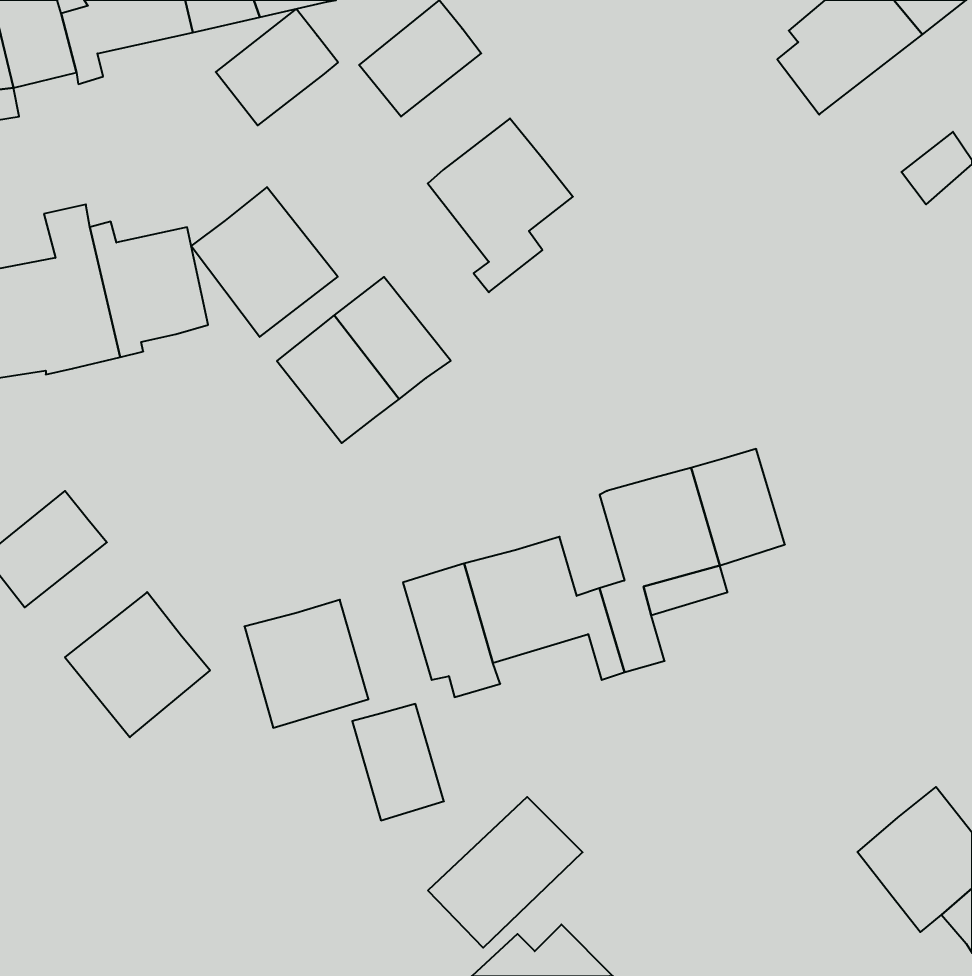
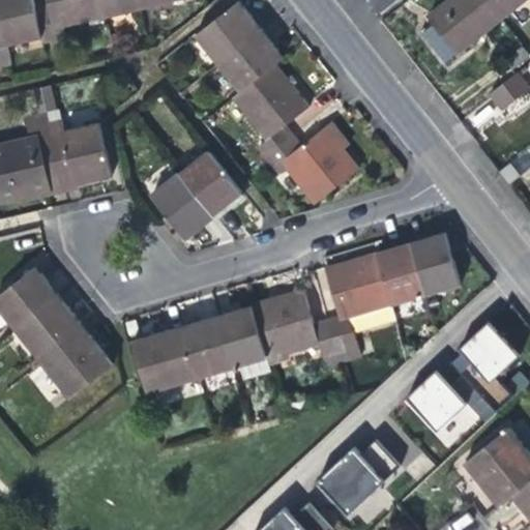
building: [216,9,338,125] -> [217,29,284,92]
building: [191,187,338,337] -> none
building: none -> [265,121,360,206]
building: none -> [410,233,461,295]
building: none -> [13,294,80,356]
building: none -> [453,323,516,400]
building: none -> [403,371,491,449]
building: [352,704,444,820] -> [184,316,234,379]
building: [428,797,583,948] -> [314,435,398,517]

